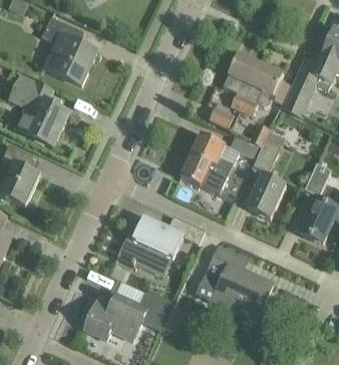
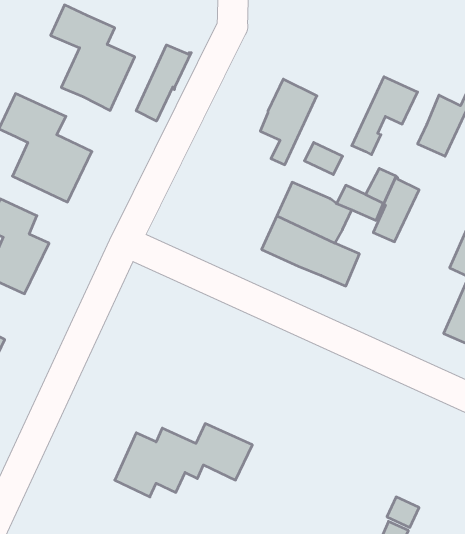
building: none -> [136,45,191,121]
building: [223,53,260,109] -> [260,79,317,165]
building: [246,174,285,219] -> none
building: [116,216,204,273] -> none
building: [197,246,272,320] -> none

